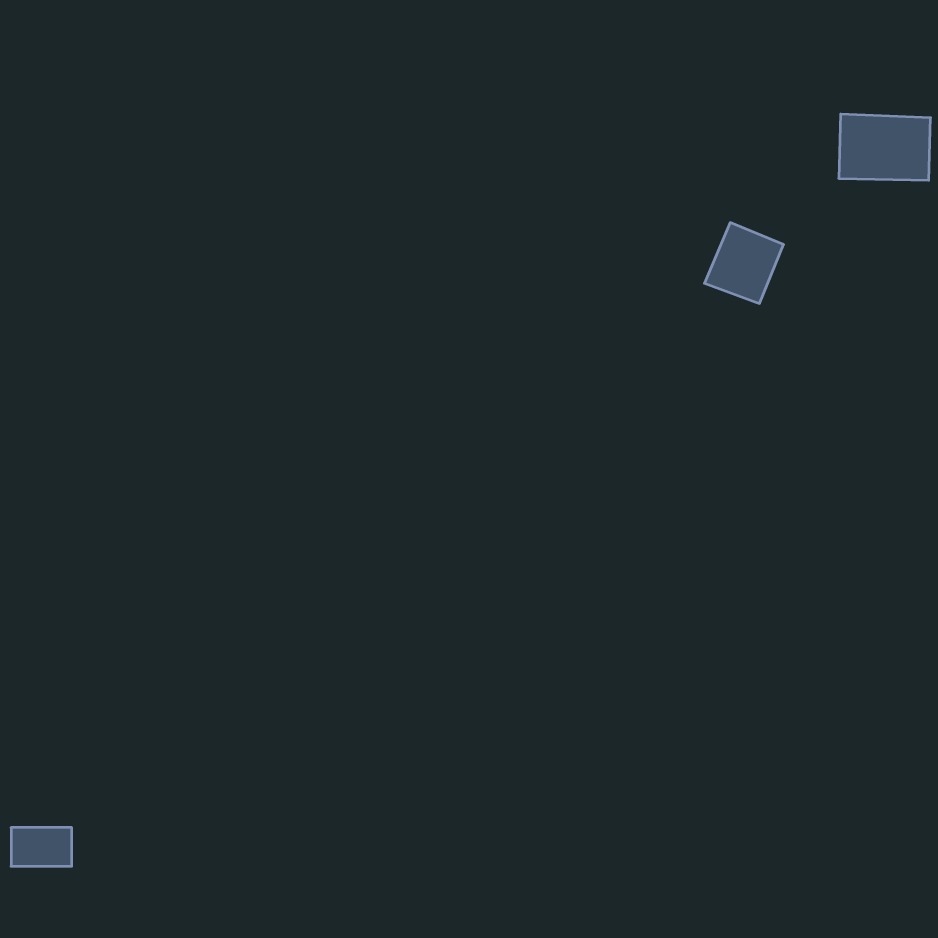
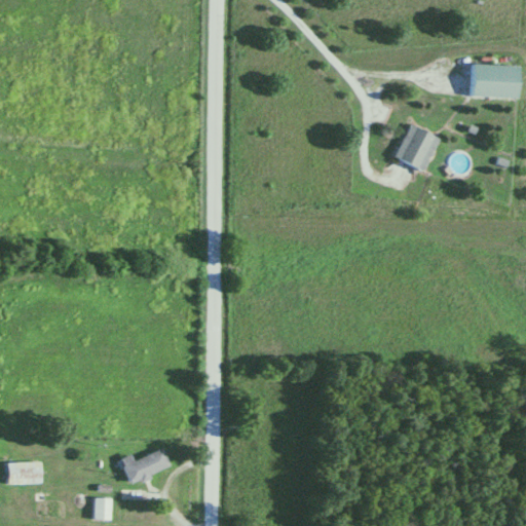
building: none -> [120,449,171,483]
building: none -> [93,497,110,520]

